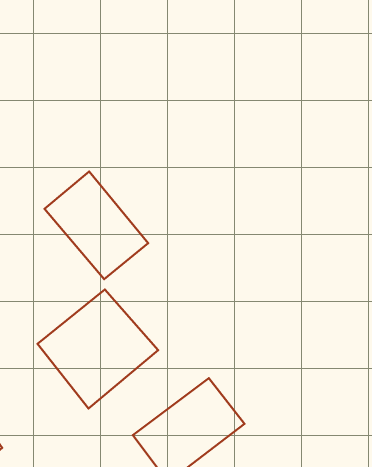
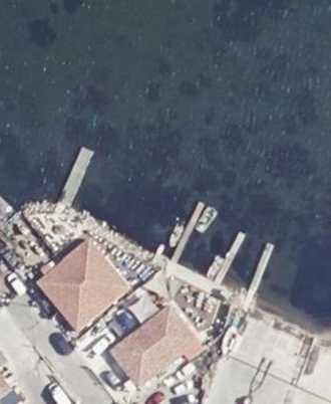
building: [45,172,148,279] -> none

